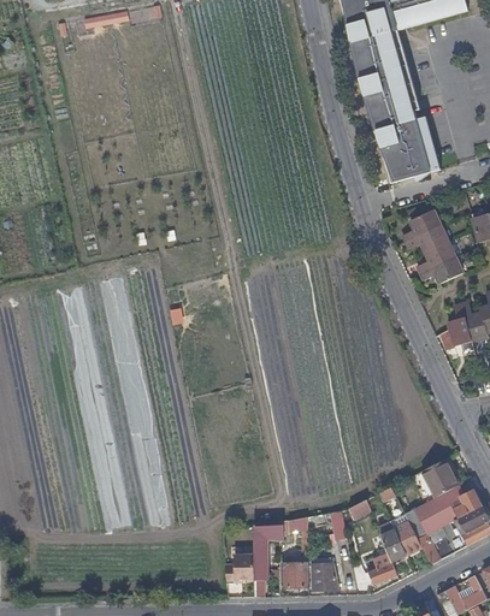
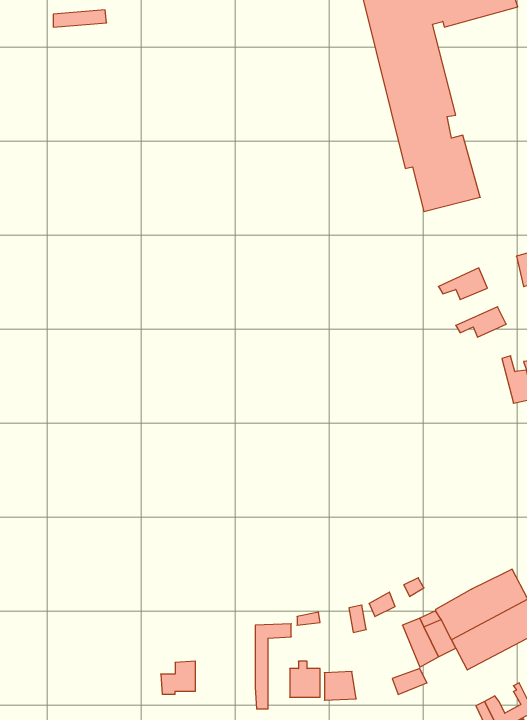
building: [403,212,441,243] -> none
building: [419,244,456,276] -> none
building: [447,303,470,344] -> none
building: [423,457,461,496] -> none
building: [225,552,254,580] -> [161,661,195,694]

